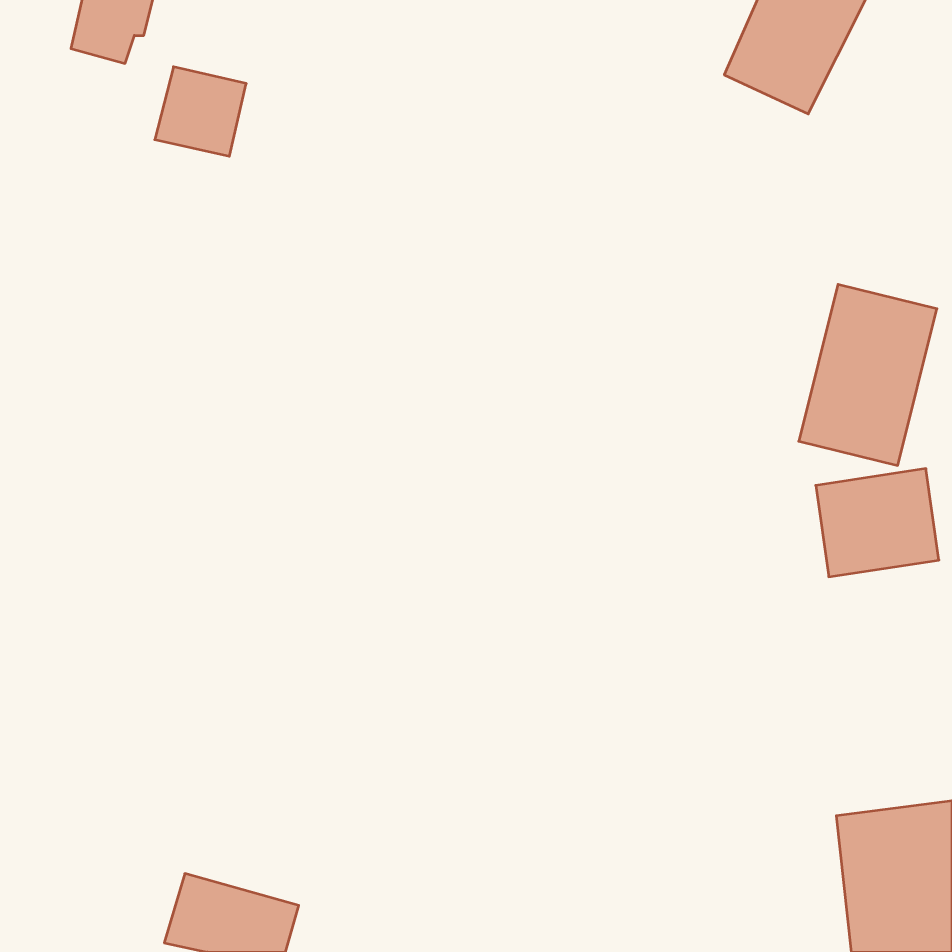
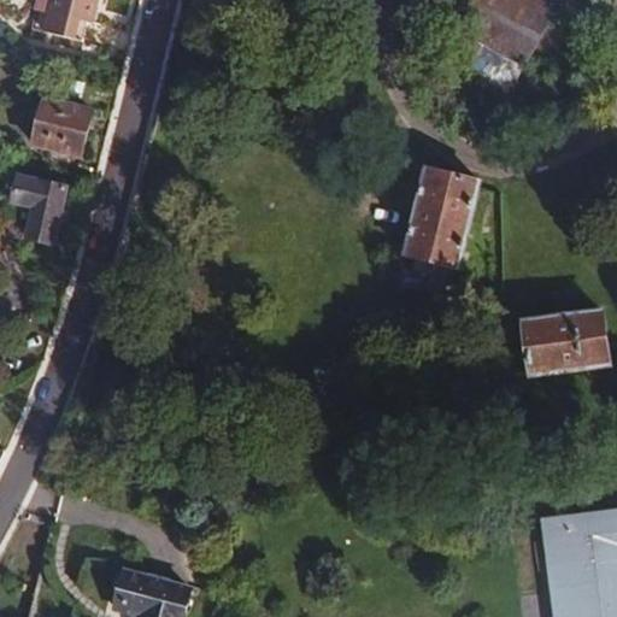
building: [155,67,246,156] -> [31,99,90,157]
building: none -> [10,177,65,243]
building: [799,284,937,465] -> [396,161,486,278]

